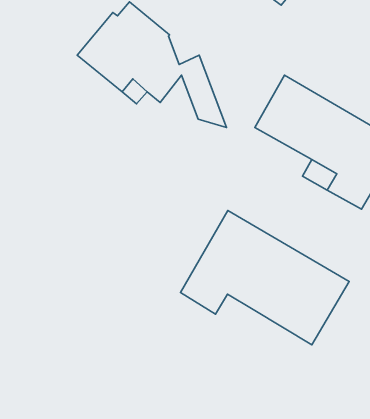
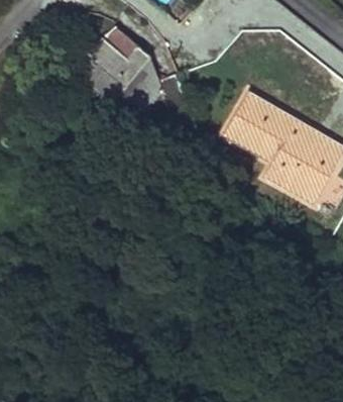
building: [181,211,349,345] -> none

